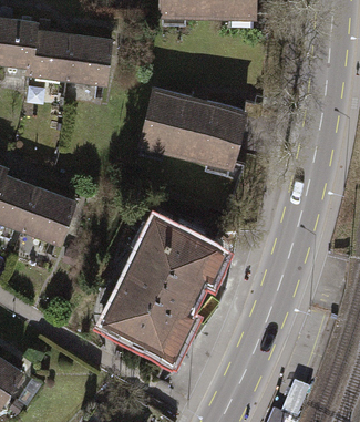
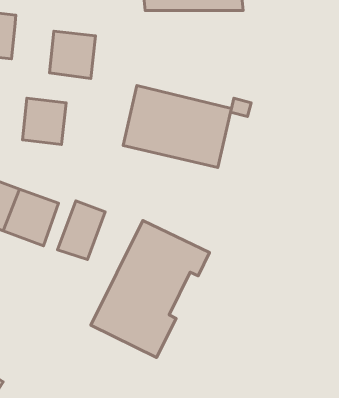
building: [30,33,72,78] -> [22,98,66,144]
building: none -> [57,201,105,259]

